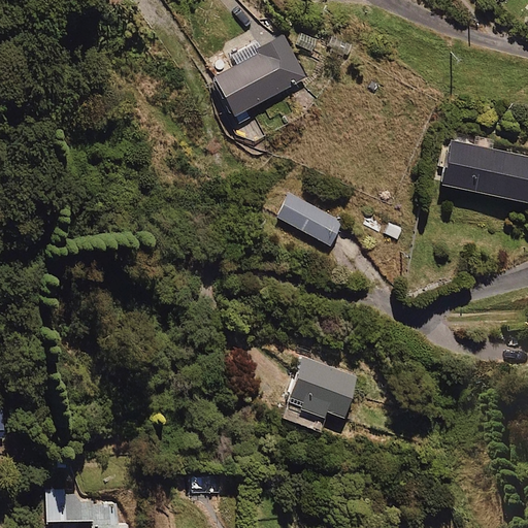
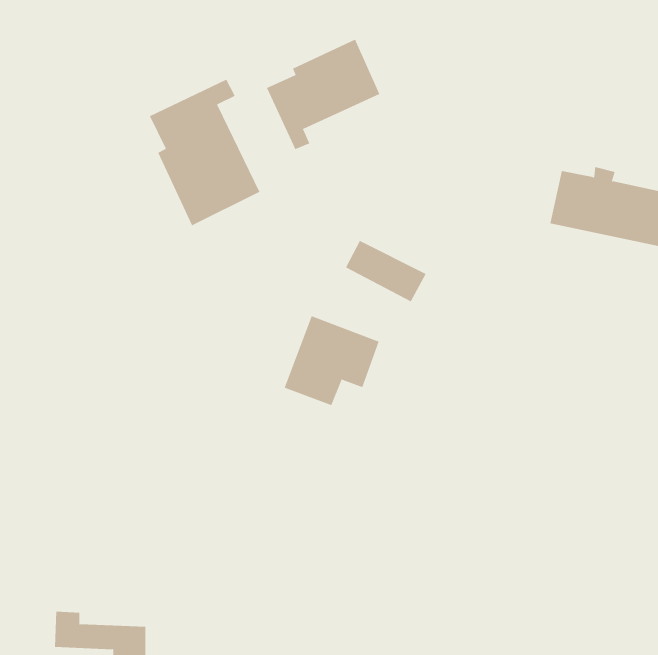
building: none -> [149,79,260,226]
building: [280,358,357,430] -> [284,316,380,406]

